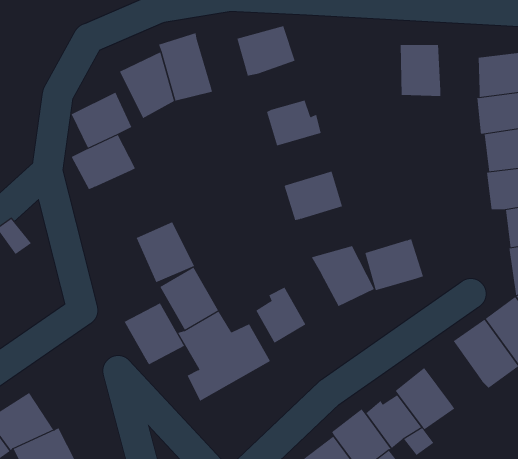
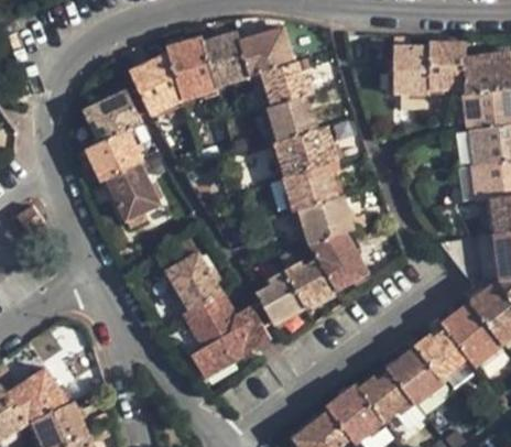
building: none -> [202,31,248,85]
building: none -> [426,41,464,88]
building: none -> [259,59,312,106]
building: none -> [273,126,336,176]
building: [136,221,195,283] -> [106,163,161,220]
building: [365,239,424,291] -> [297,195,352,243]
building: none -> [283,259,333,306]
building: [124,303,185,365] -> none
building: none -> [413,328,466,380]

